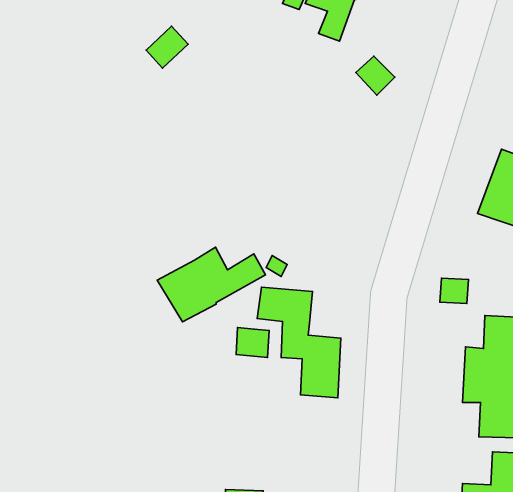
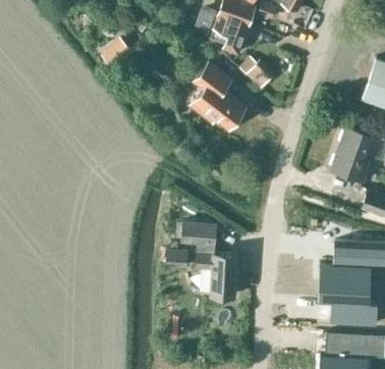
building: none -> [190,61,245,129]
building: [157,247,266,322] -> none

